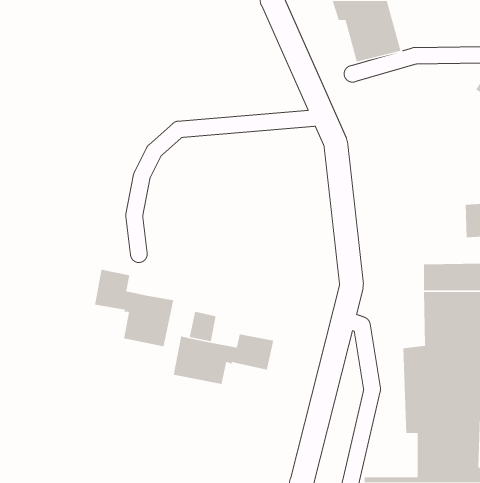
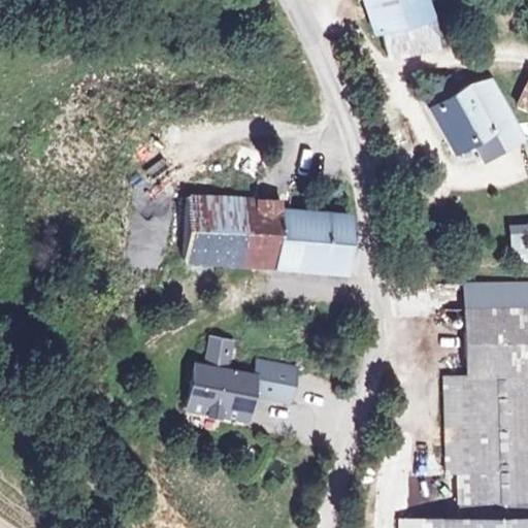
building: none -> [429,82,513,154]
building: none -> [191,195,359,274]
building: [94,269,174,347] -> none

